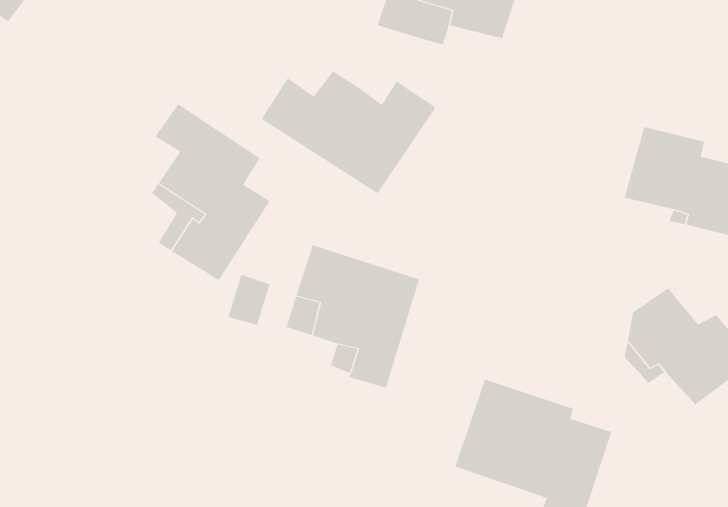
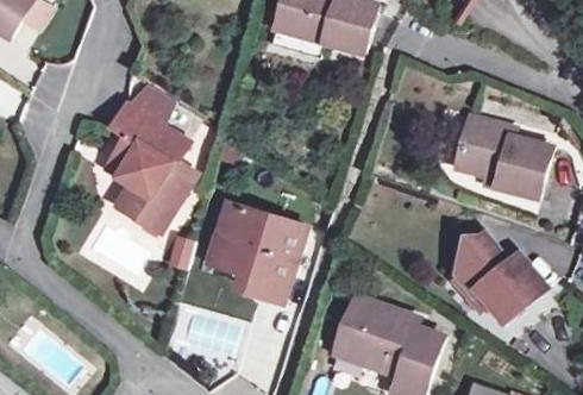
building: [261,71,437,194] -> none

